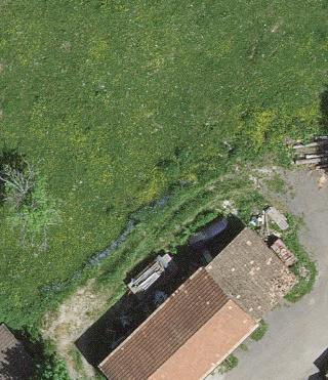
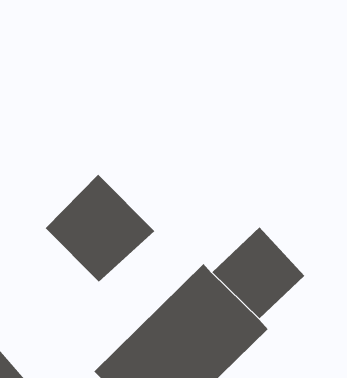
building: none -> [45,174,155,283]

